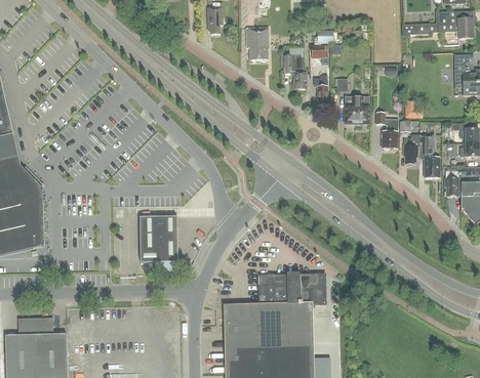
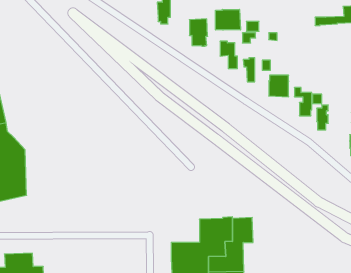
building: none -> [216,9,240,30]
building: [419,133,440,177] -> none
building: [138,213,177,275] -> none

